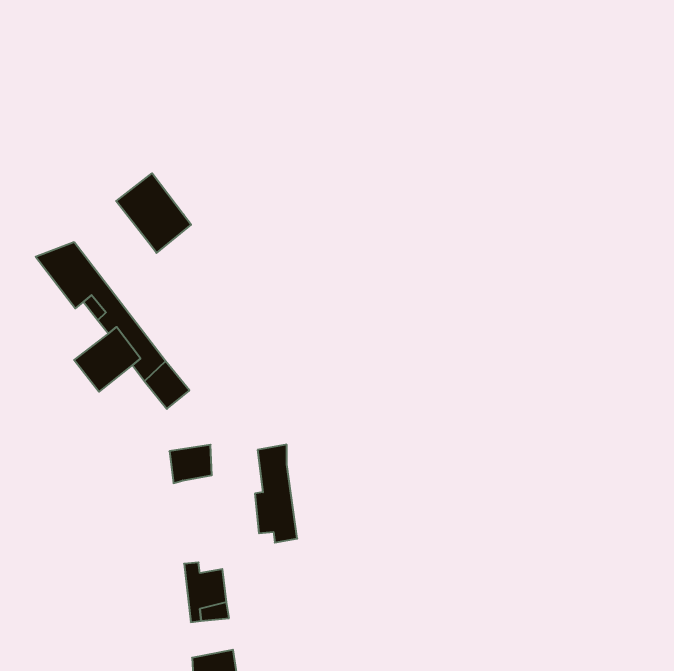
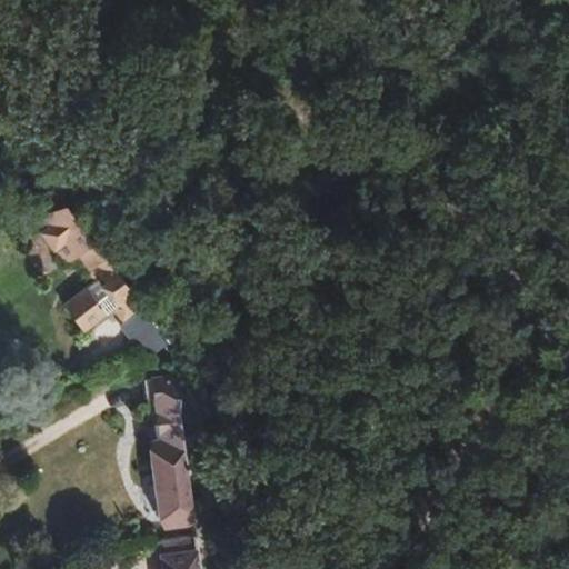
building: [116,173,191,253] -> none
building: [255,445,297,543] -> [153,403,189,486]

